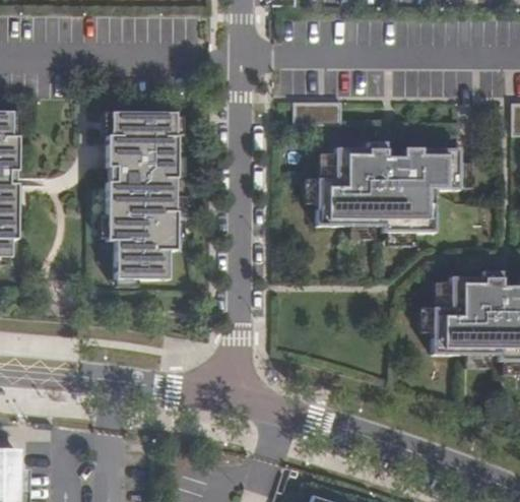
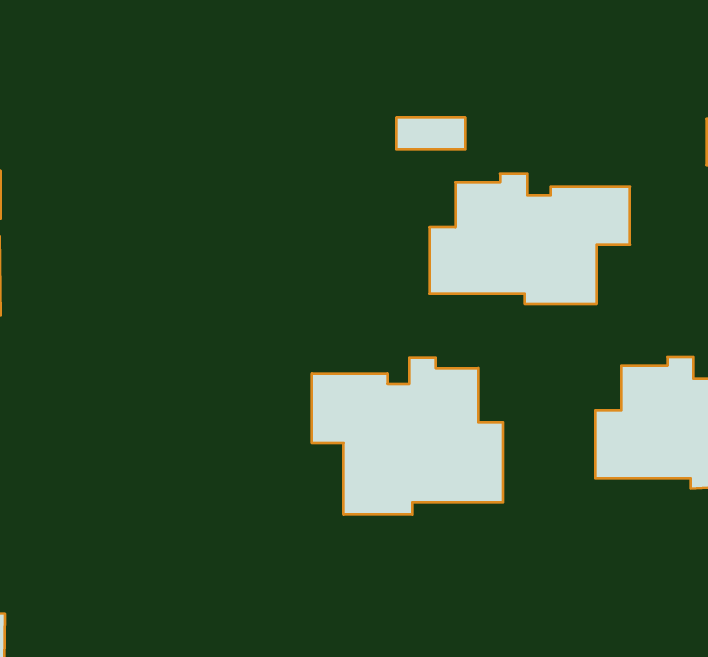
building: [105,112,176,277] -> none
building: none -> [312,358,503,515]

